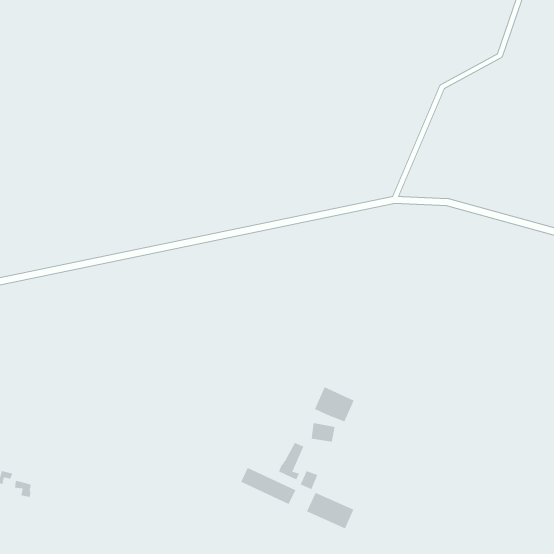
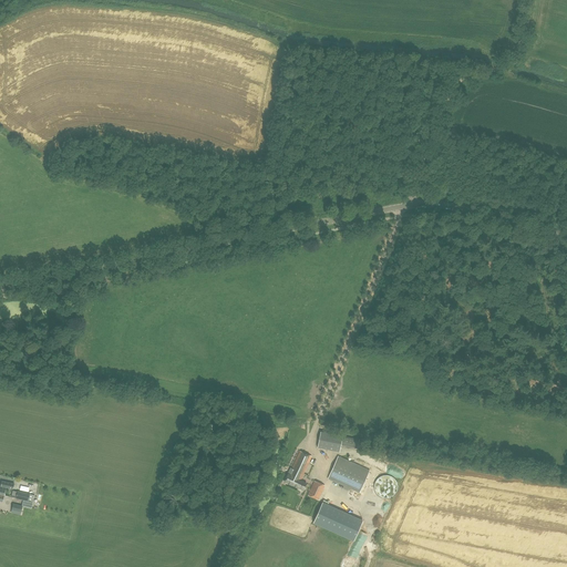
building: [314,386,354,422] -> [328,455,369,492]
building: [241,467,296,505] -> none

